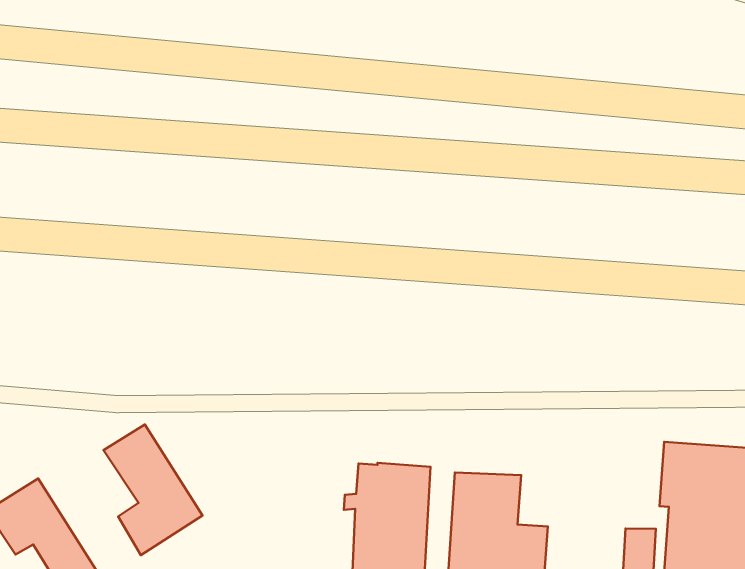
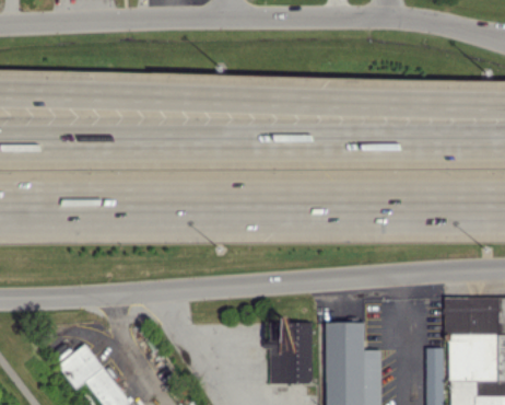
building: [103,424,202,555] -> none

